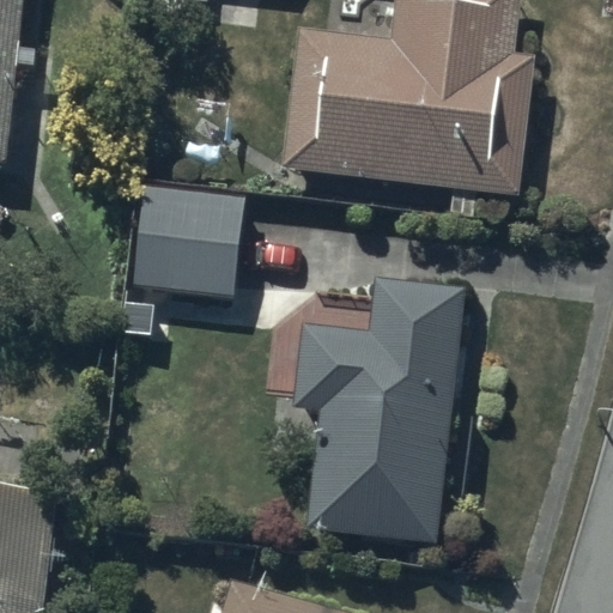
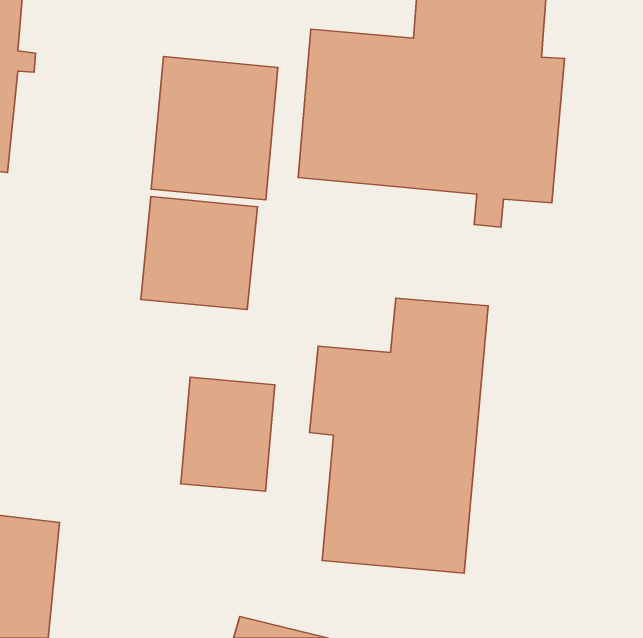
building: none -> [151,56,278,200]
building: none -> [181,377,275,491]

